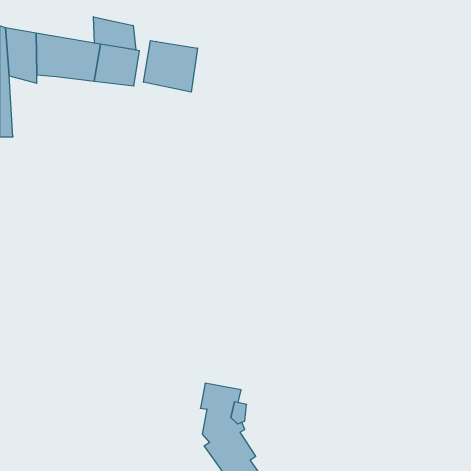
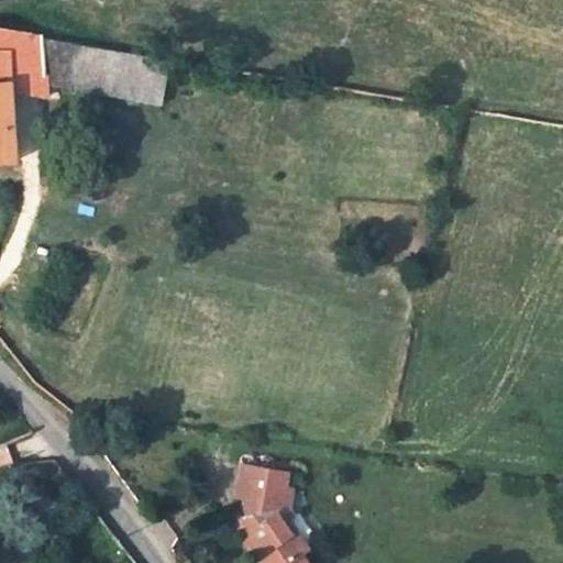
building: [93,17,136,50] -> none
building: [144,41,198,92] -> none

